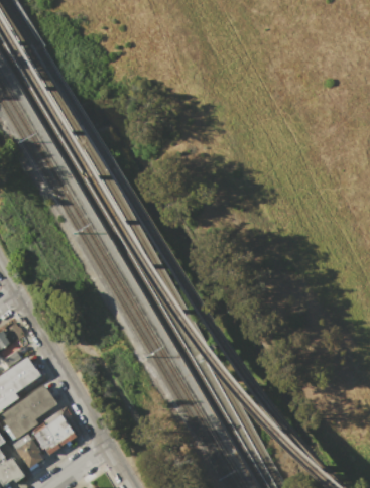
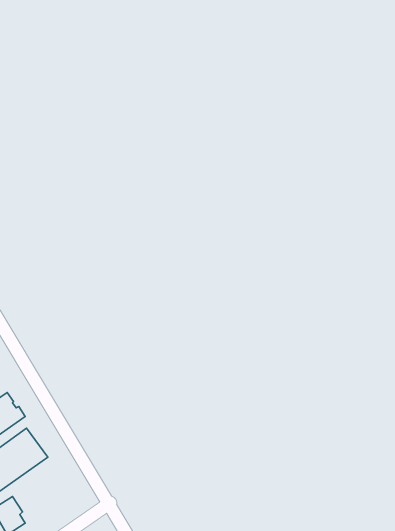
building: [33,414,77,455] -> none

